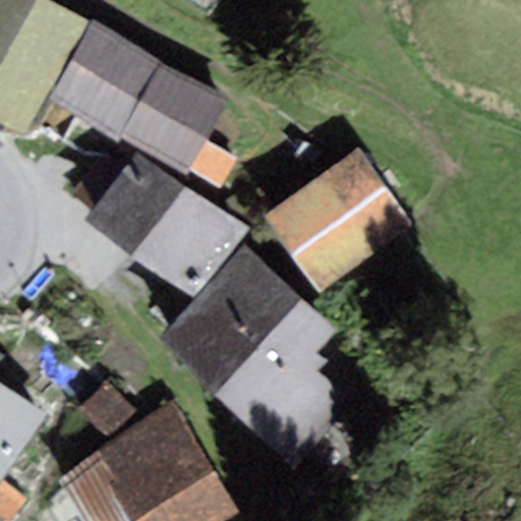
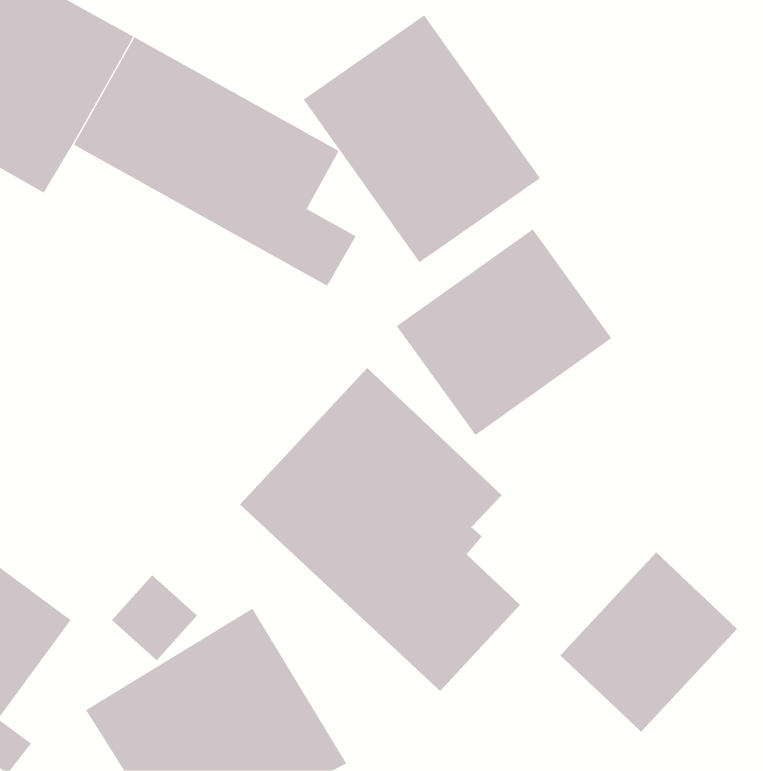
building: none -> [303,15,541,263]
building: [88,151,244,295] -> none
building: none -> [560,552,738,732]

